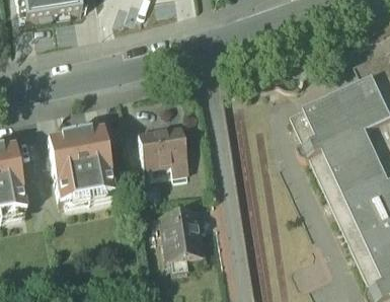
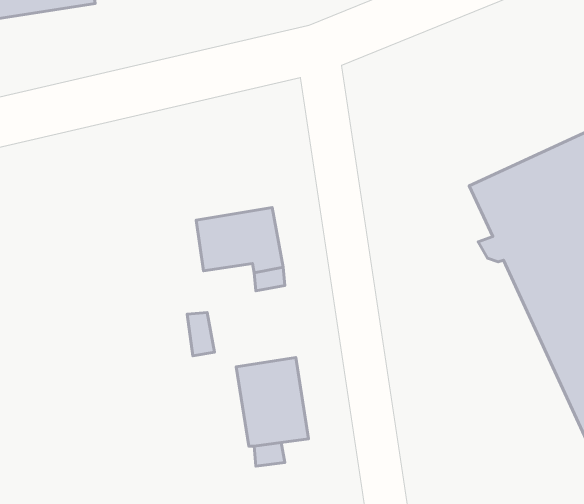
building: [49,131,116,205] -> none

